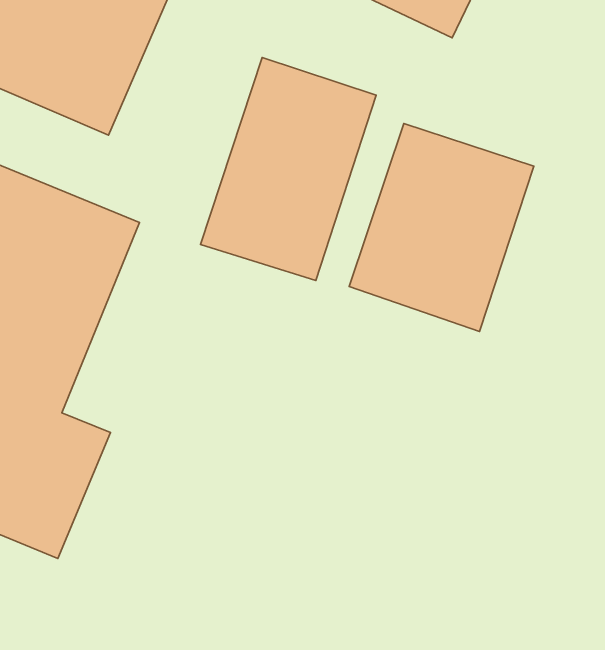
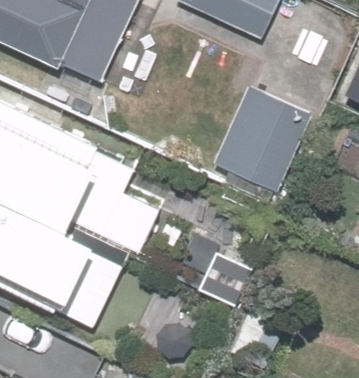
building: [200,57,376,280] -> none

